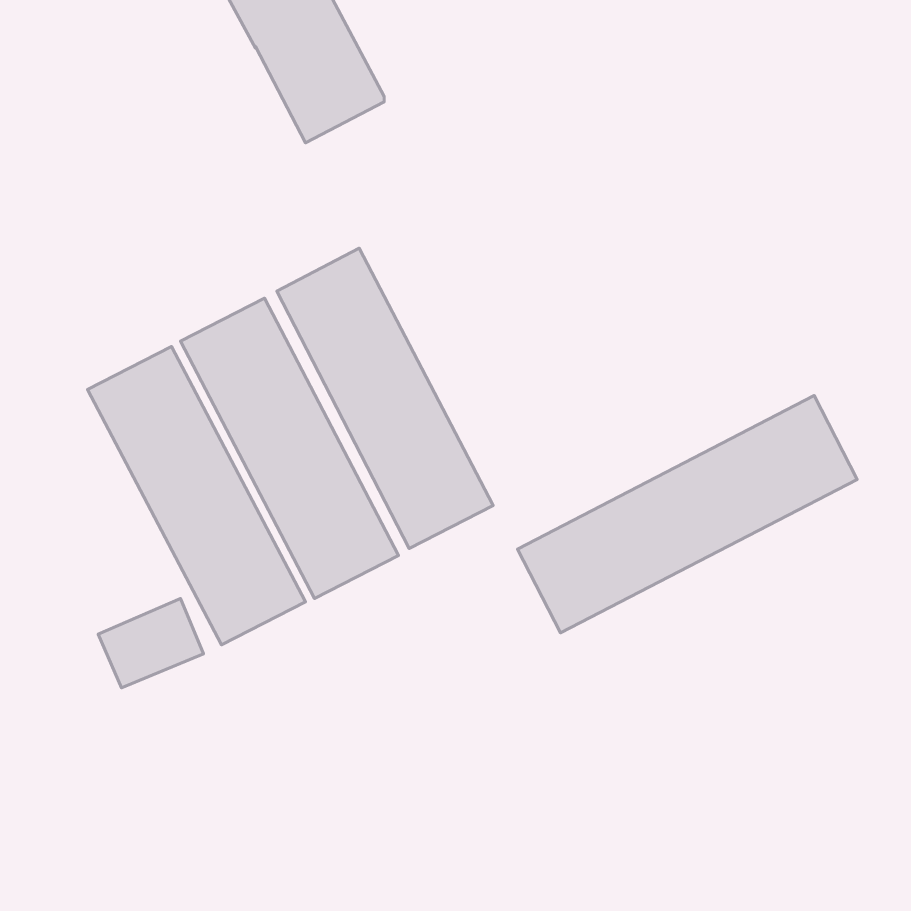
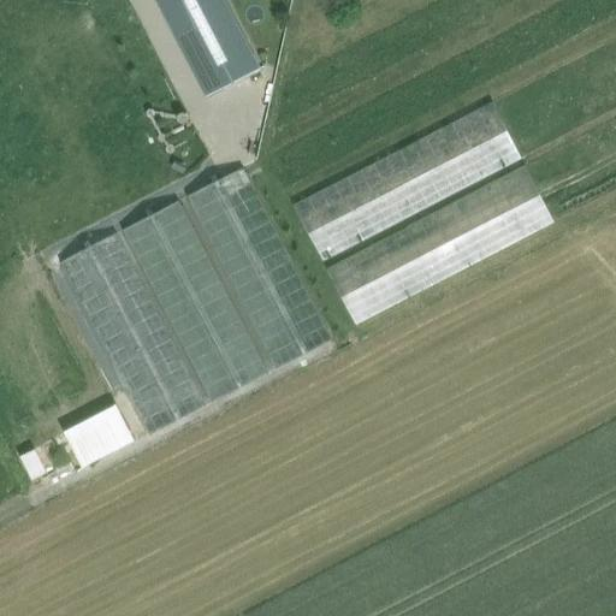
building: none -> [292,102,521,262]
building: [518,395,857,633] -> [325,166,553,326]

